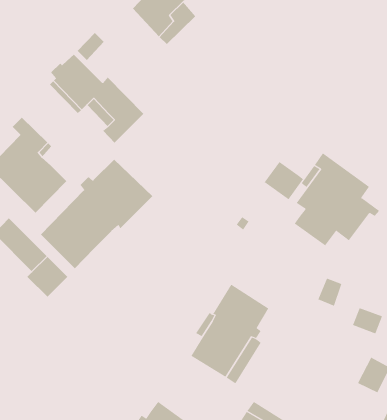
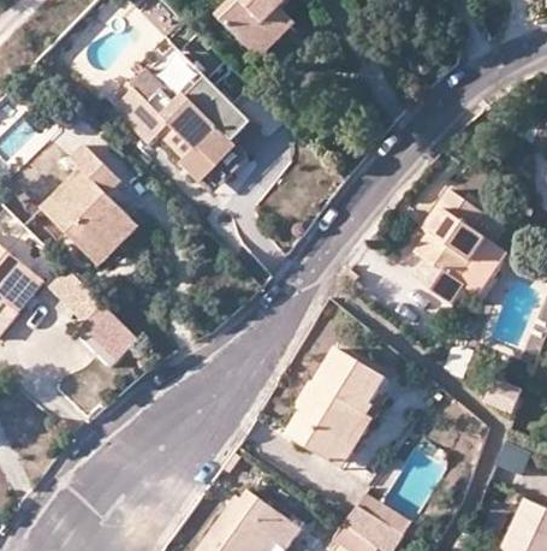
building: none -> [186,78,251,142]
building: [40,159,153,269] -> none
building: [264,161,304,200] -> none

